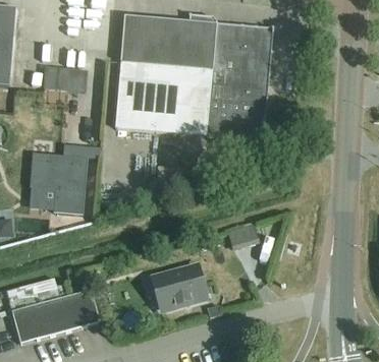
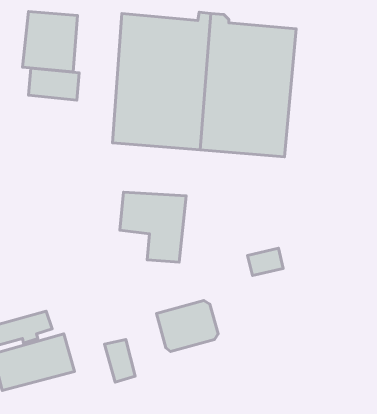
building: none -> [22,12,78,72]
building: [29,154,86,214] -> [120,192,186,262]
building: [72,287,99,323] -> [104,339,135,382]

